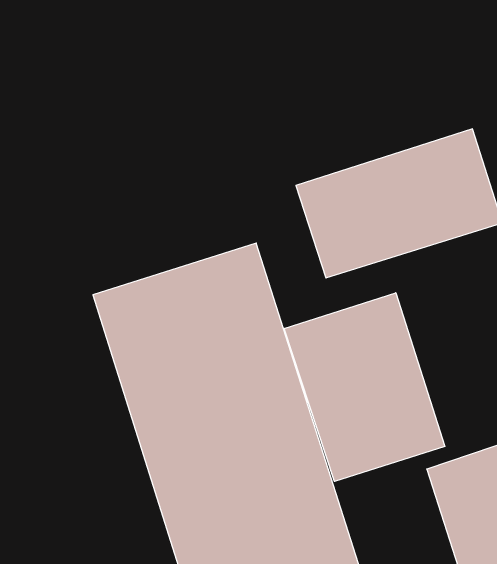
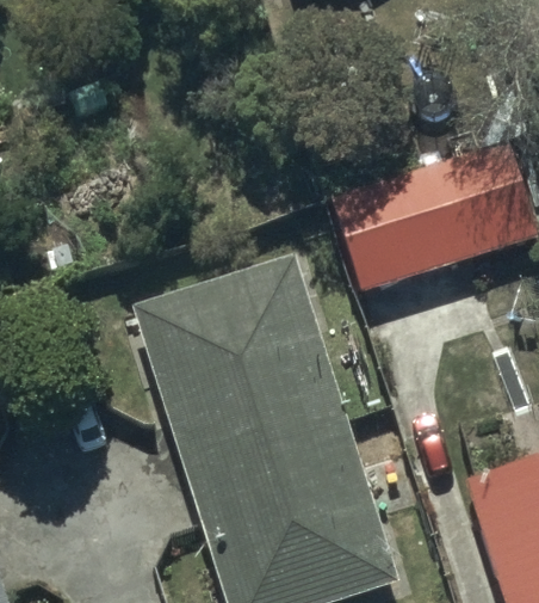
building: [284,293,445,481] -> none

